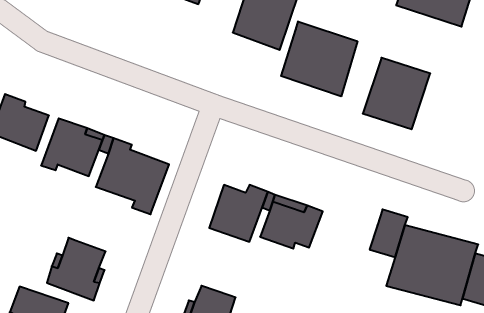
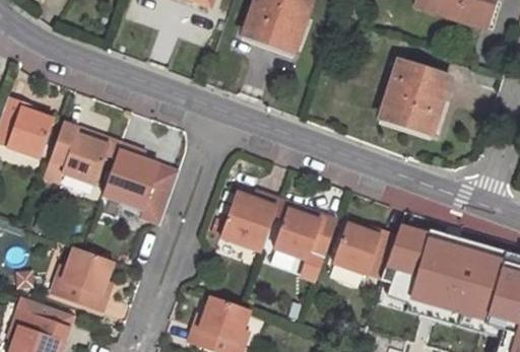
building: [281,21,357,96] -> none
building: none -> [333,223,395,278]

